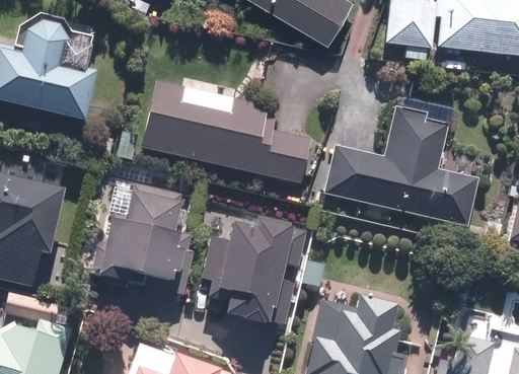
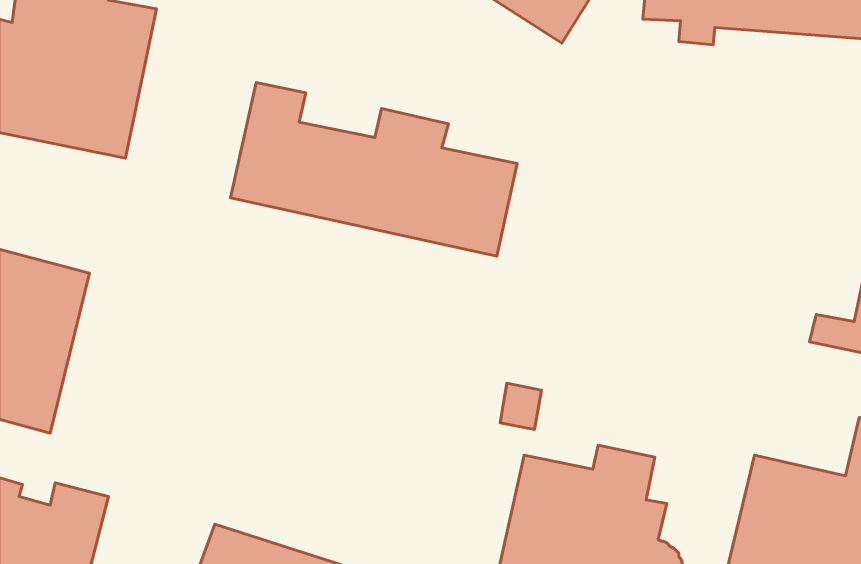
building: [323,102,477,227] -> none
building: [93,180,196,288] -> none
building: [210,215,308,327] -> none

